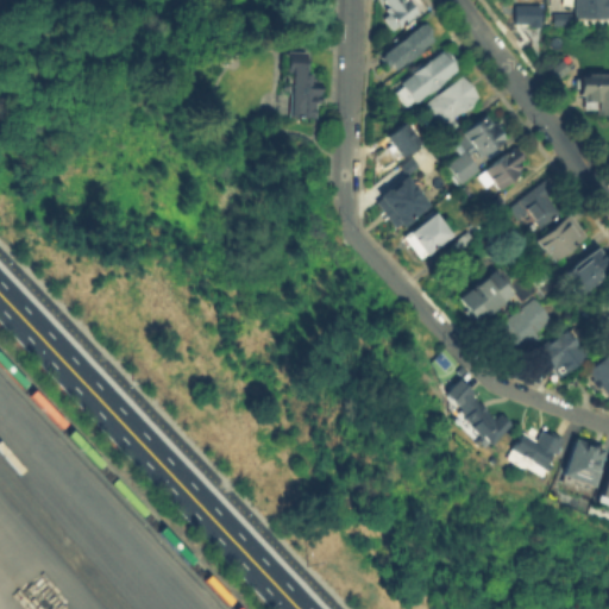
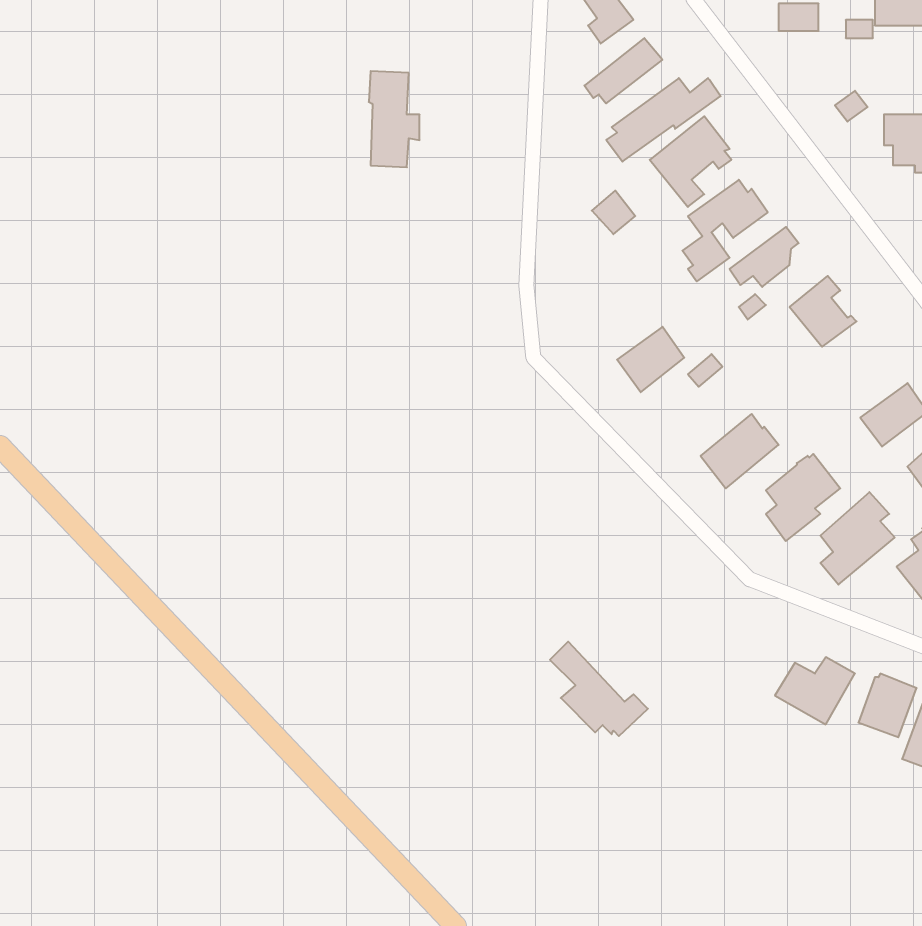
building: [287,48,320,111] -> [369,71,420,167]
building: [378,178,429,225] -> none
building: [540,214,588,260] -> none
building: [448,381,513,442] -> [550,642,648,736]

